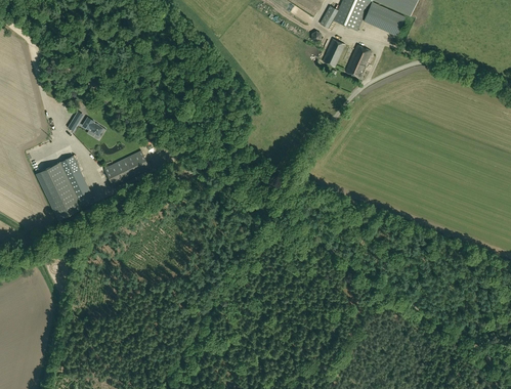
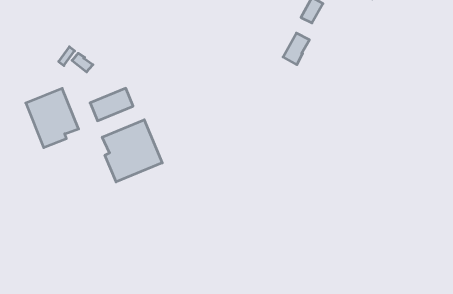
building: [345,44,372,78] -> [283,33,309,65]
building: none -> [102,120,162,182]

